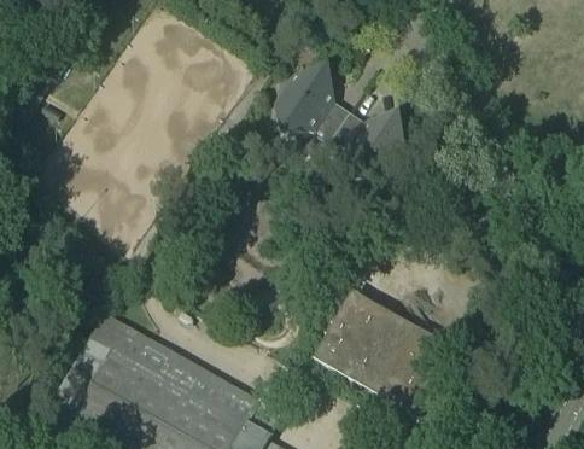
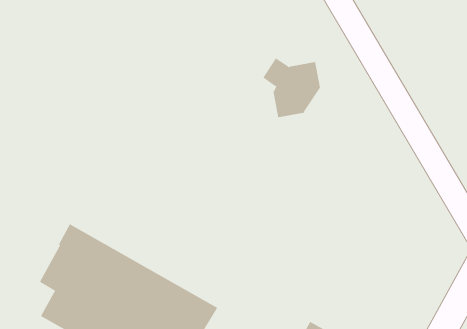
building: [276,69,351,138] -> none
building: [311,291,445,420] -> none

